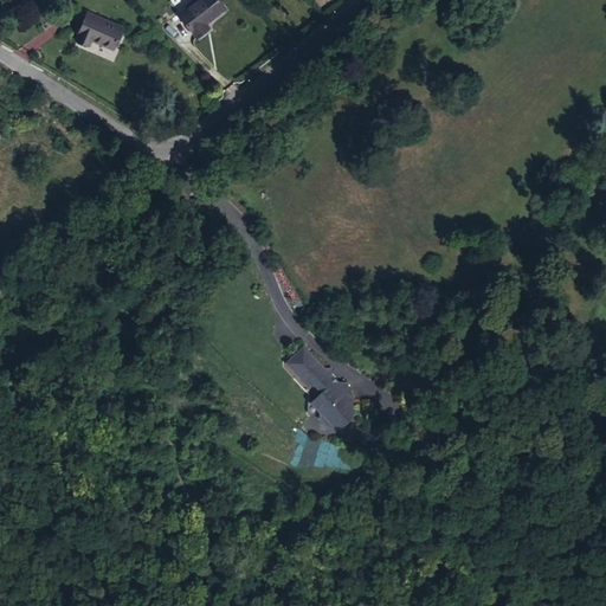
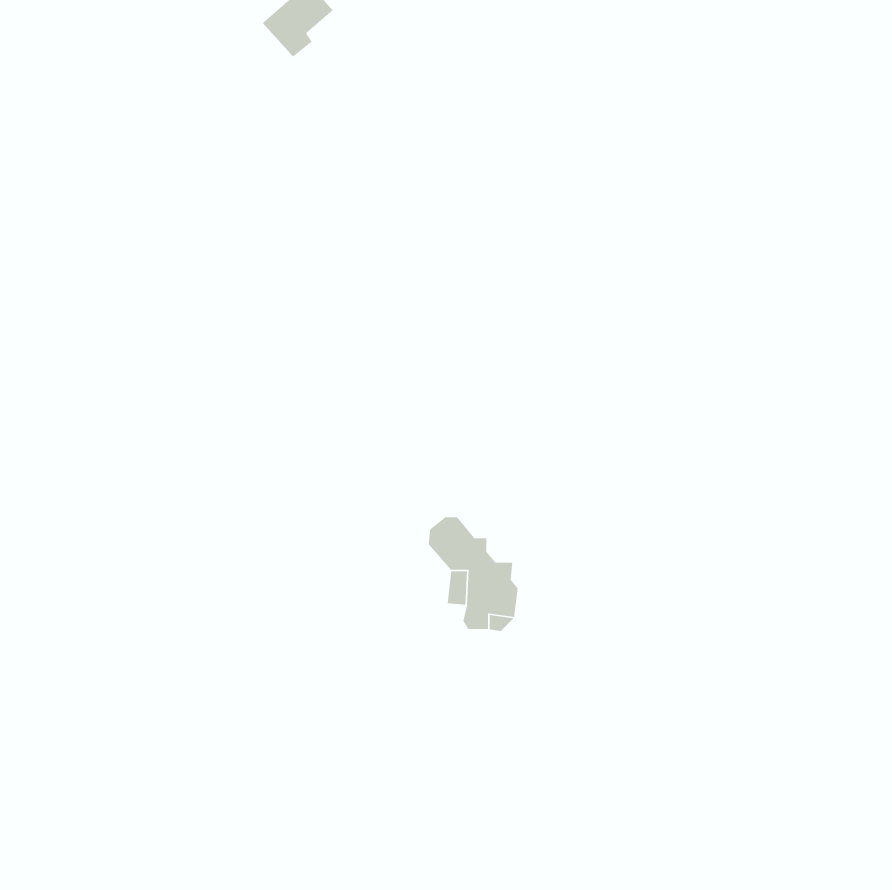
building: [78,14,123,52] -> none

